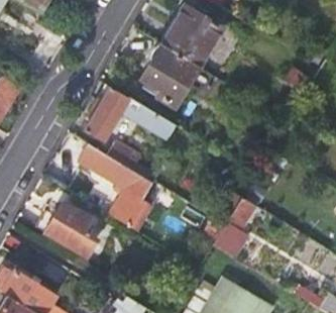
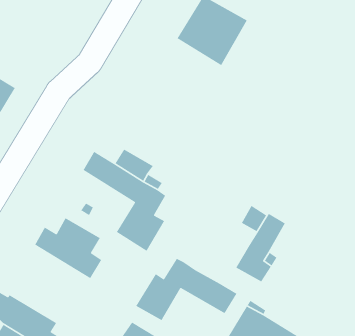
building: [140,44,200,109] -> none
building: [84,85,173,142] -> none
building: none -> [135,258,238,321]

